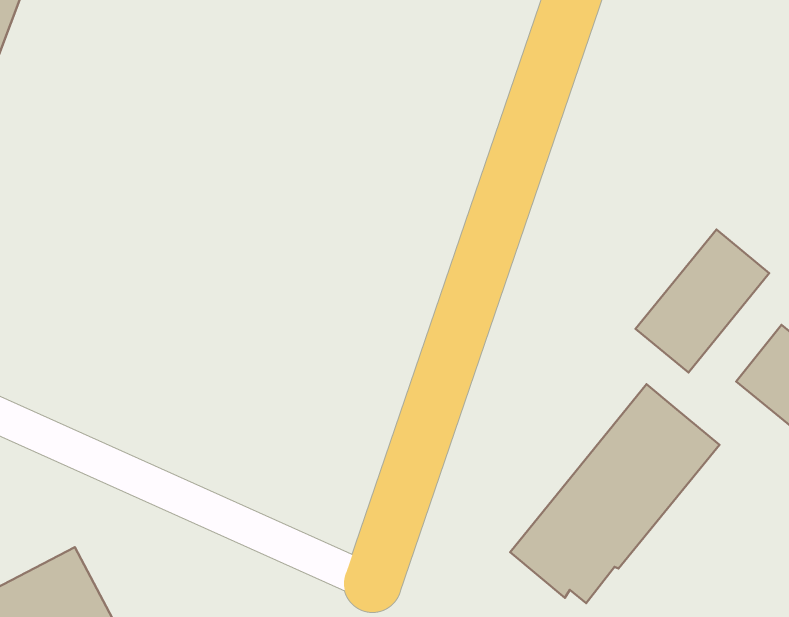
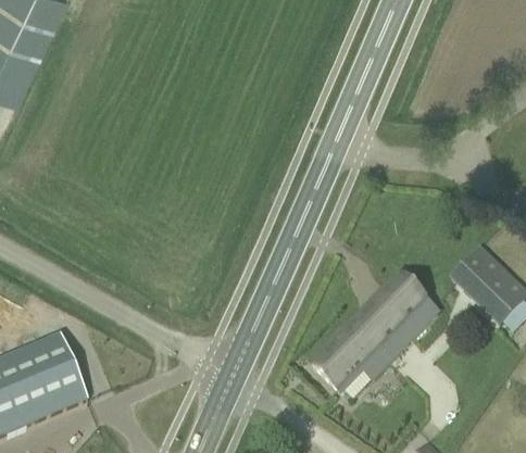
building: [635,229,769,373] -> none

